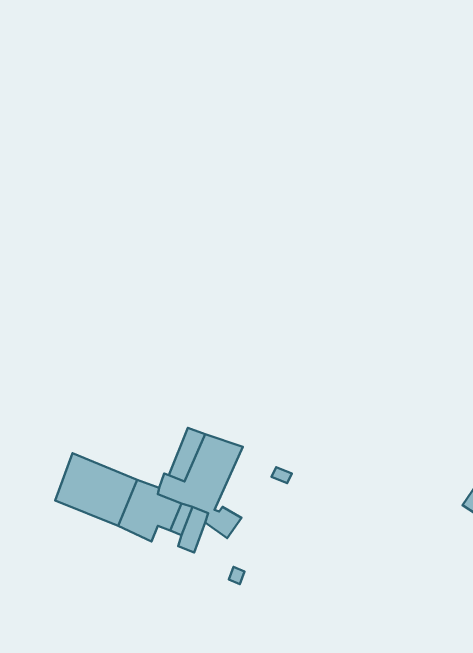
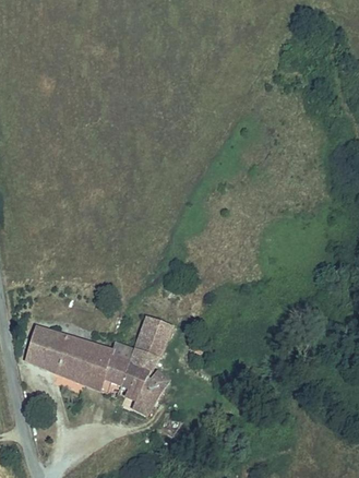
building: none -> [25,325,52,365]
building: none -> [133,380,159,413]

